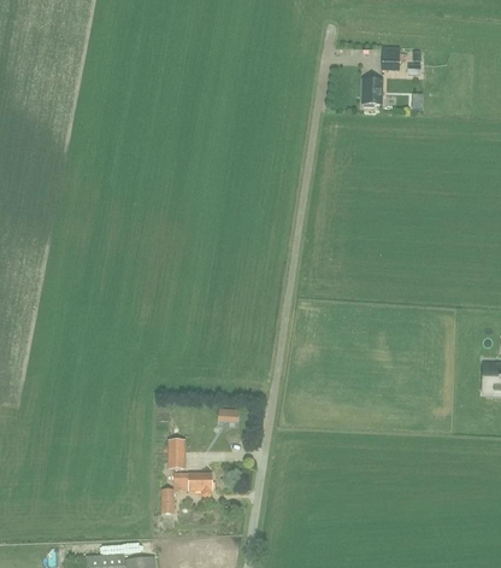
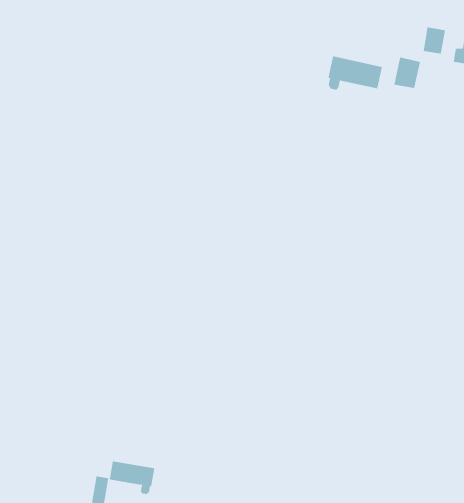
building: none -> [328,56,382,90]
building: [167,439,185,468] -> none

